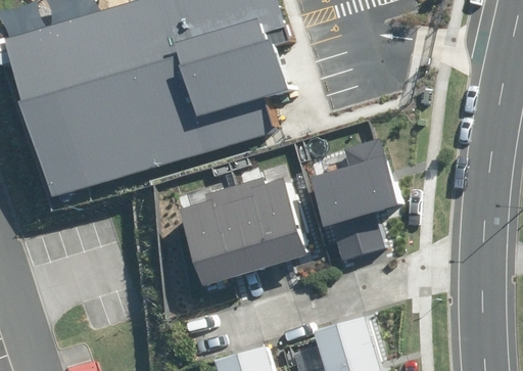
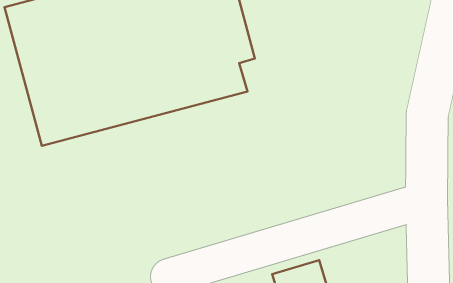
building: [306,139,394,261] -> none
building: [176,176,304,286] -> none

